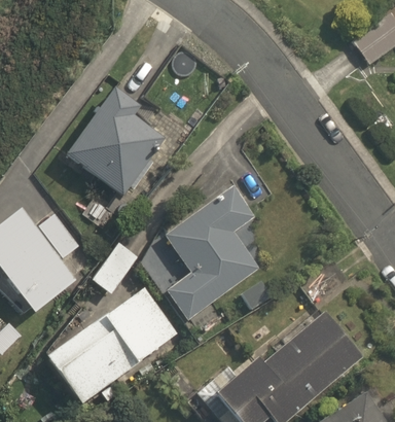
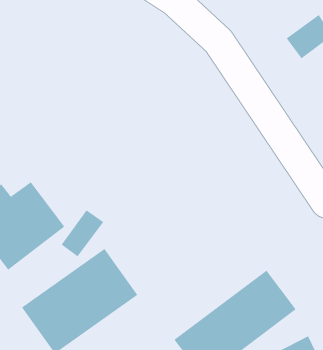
building: [63,91,173,204] -> none
building: [168,183,266,319] -> none

